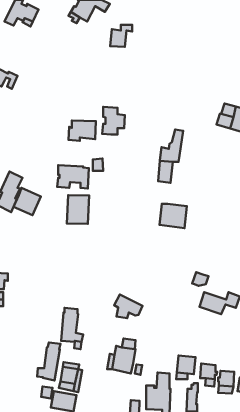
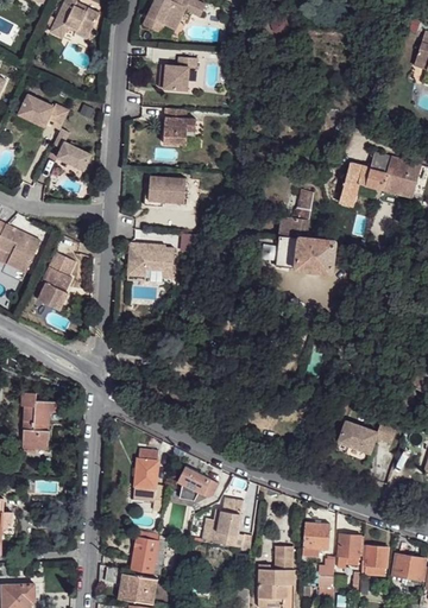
building: [110,25,132,47] -> [162,58,194,90]
building: none -> [55,127,92,167]
building: [102,107,125,135] -> [160,108,194,148]
building: none -> [338,163,366,207]
building: [13,188,41,215] -> none
building: [67,195,89,224] -> none
building: [159,204,187,228] -> [294,238,334,273]
building: [114,295,142,318] -> [176,466,218,500]
building: [37,343,60,380] -> none

